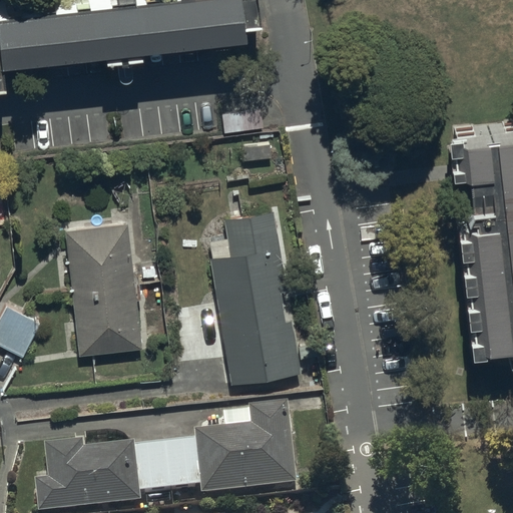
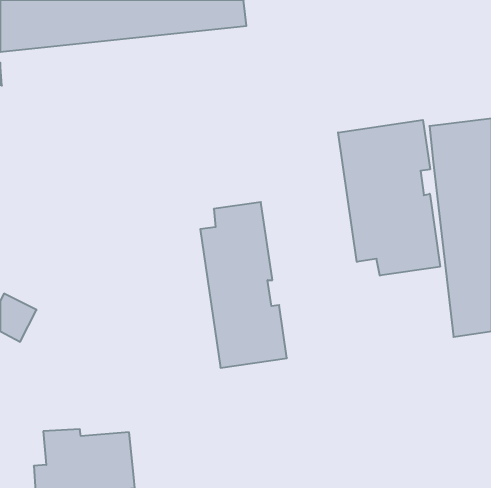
building: none -> [338,120,440,276]
building: [67,223,140,359] -> none
building: [135,413,297,503] -> none

